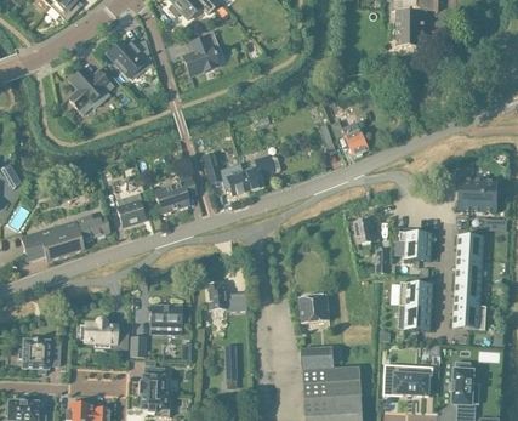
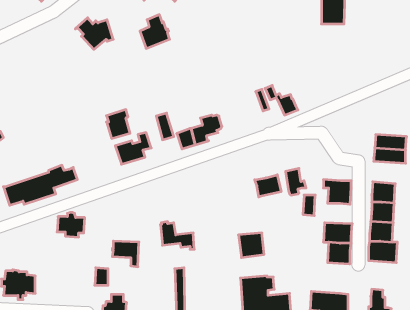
building: [67,66,113,113] -> none
building: [115,192,143,226] -> [106,110,130,138]
building: none -> [255,175,281,197]
building: [84,318,116,347] -> [57,212,85,237]

